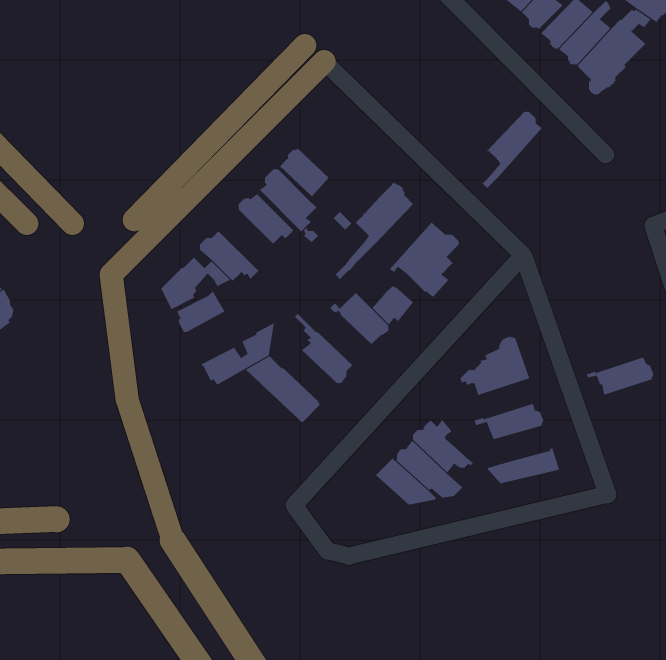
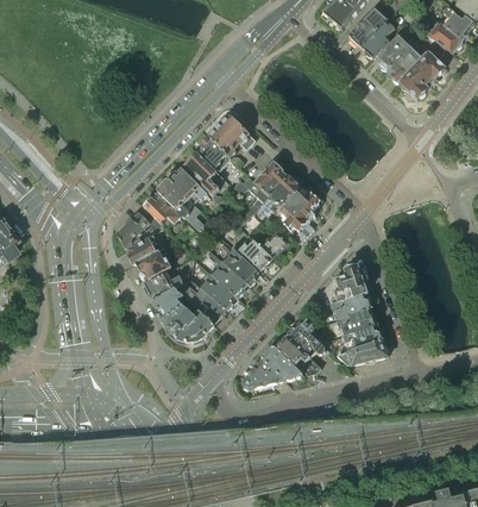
building: [482,111,544,189] -> [260,175,302,227]
building: none -> [209,117,256,165]
building: none -> [158,179,205,229]
building: none -> [221,242,259,284]
building: none -> [136,245,172,278]
building: none -> [200,264,237,308]
building: [586,357,654,395] -> [325,294,371,320]
building: none -> [153,287,214,339]
building: none -> [342,325,382,350]
building: none -> [243,358,285,388]

